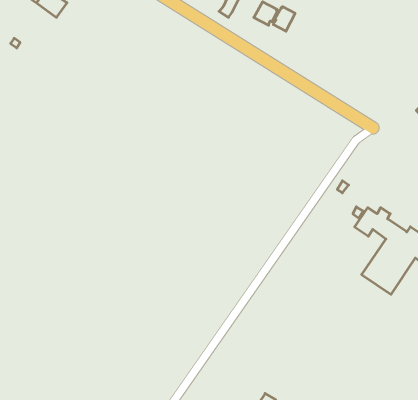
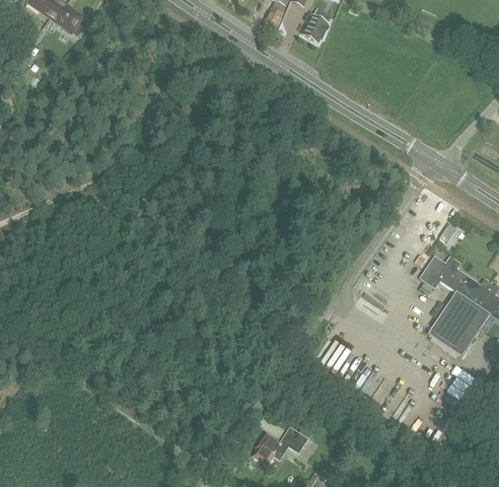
building: [273,7,295,31] -> none
building: none -> [253,427,308,465]

